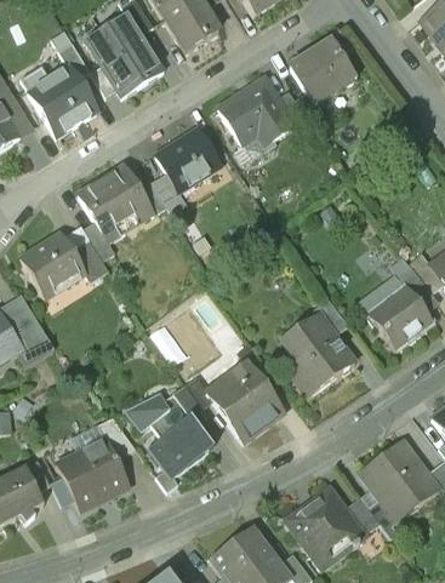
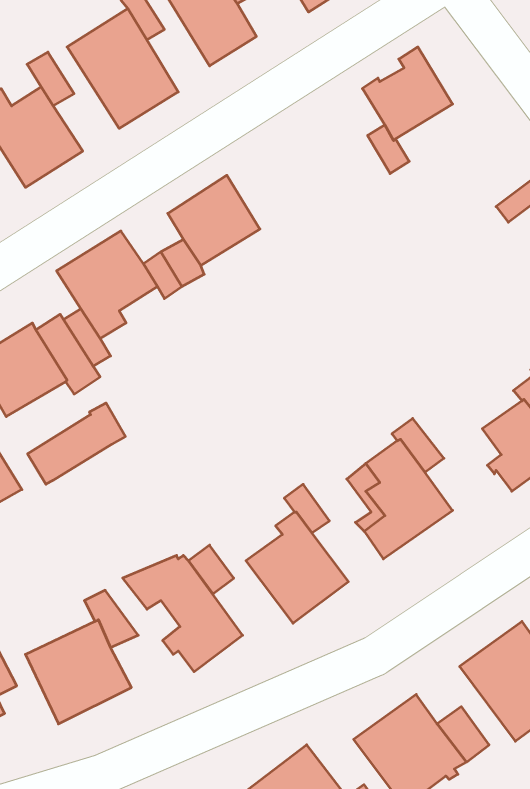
building: [219,79,293,144] -> none
building: none -> [28,403,125,484]

